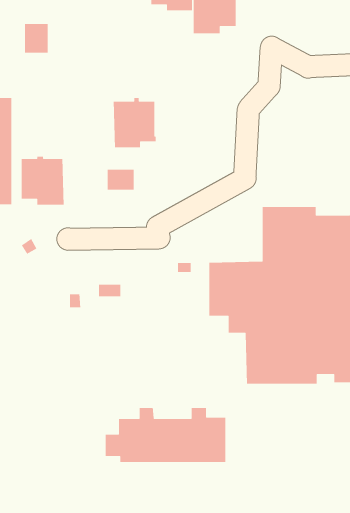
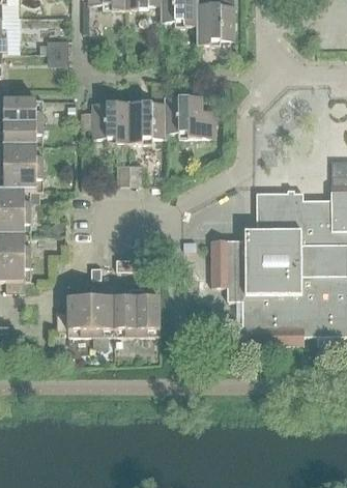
building: none -> [164,93,214,137]
building: [21,156,64,205] -> [91,99,128,142]
building: [105,407,226,463] -> [55,287,158,335]

